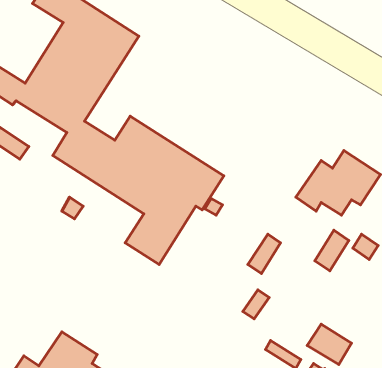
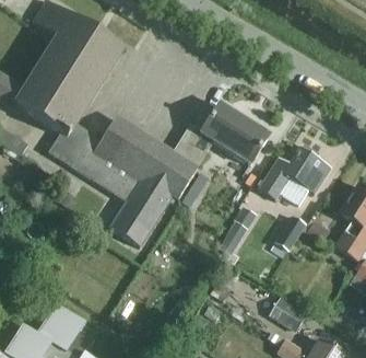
building: none -> [176,102,268,164]

